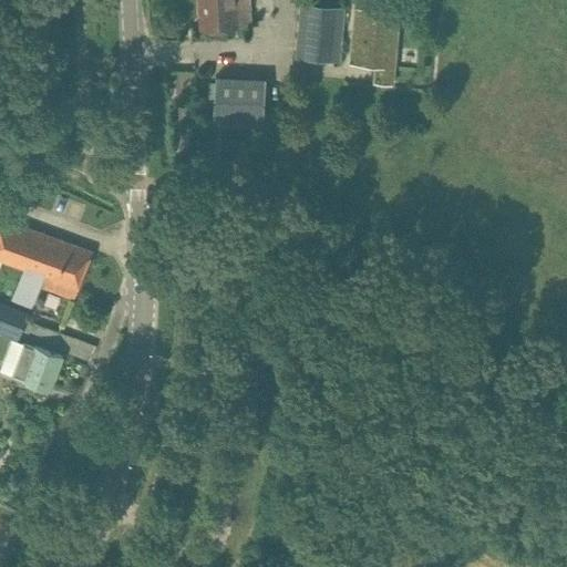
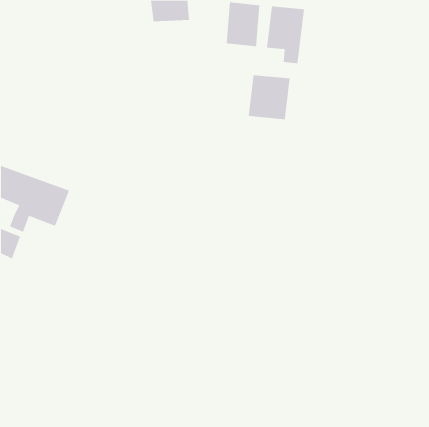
building: [214,79,265,125] -> none
building: none -> [248,74,290,120]
building: [12,346,62,392] -> none

